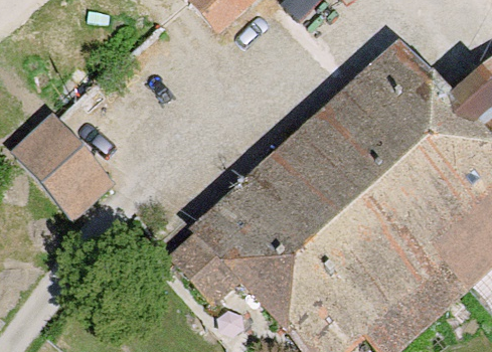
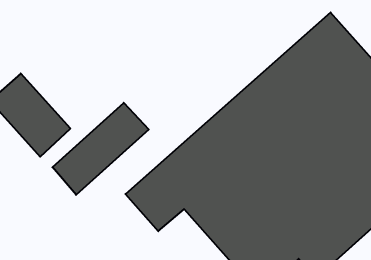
building: none -> [52,103,149,195]

